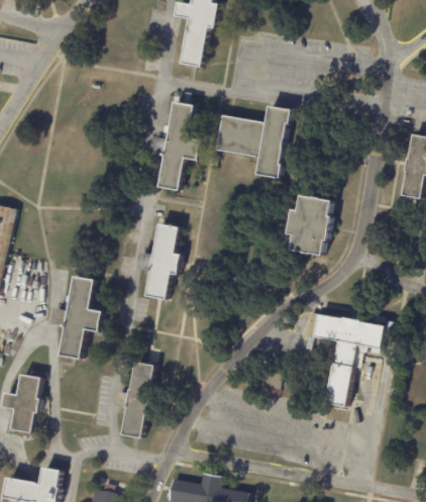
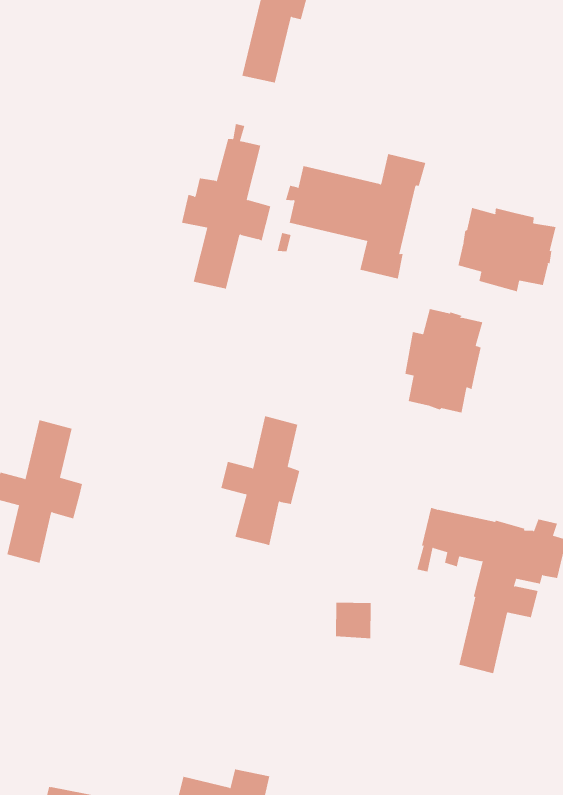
building: none -> [458,207,556,292]
building: [134,223,181,300] -> [220,415,300,546]
building: [112,362,152,438] -> none

